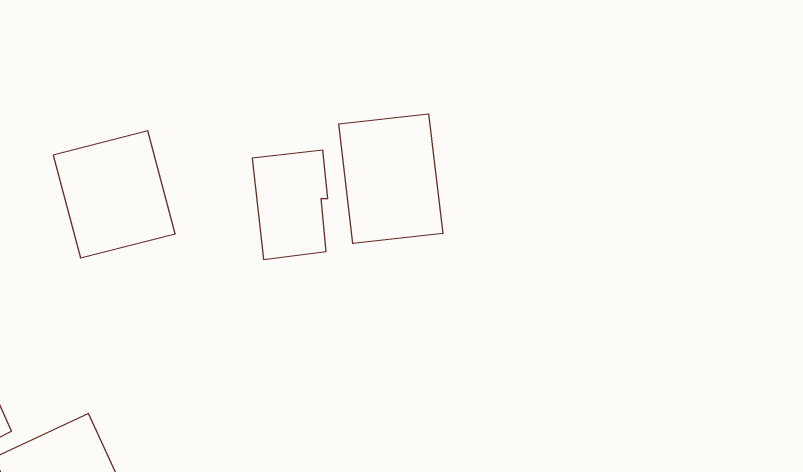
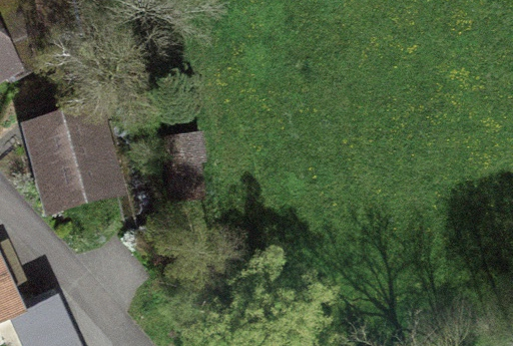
building: [339,114,443,244] -> none

